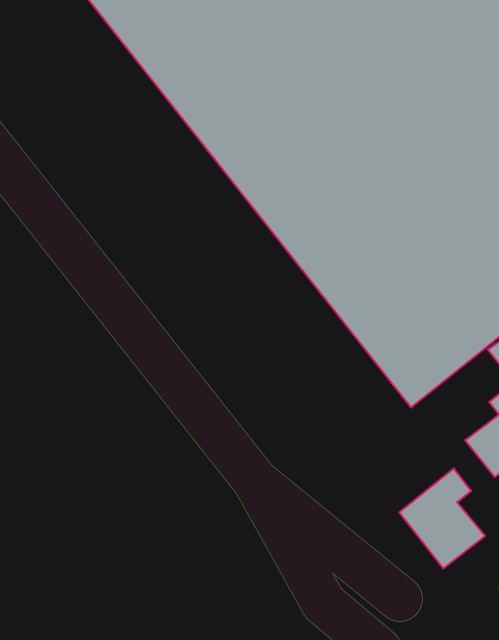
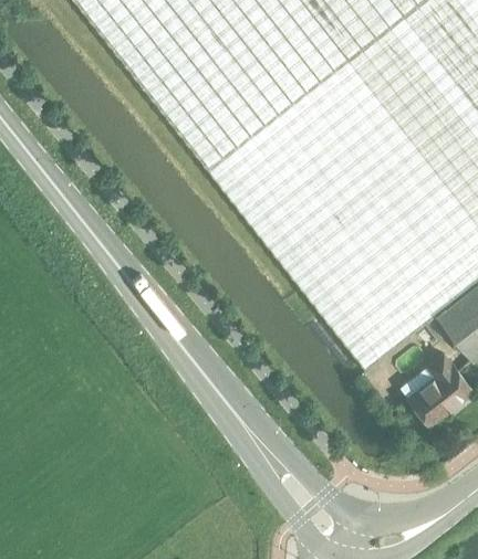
building: [399,468,485,568] -> none

